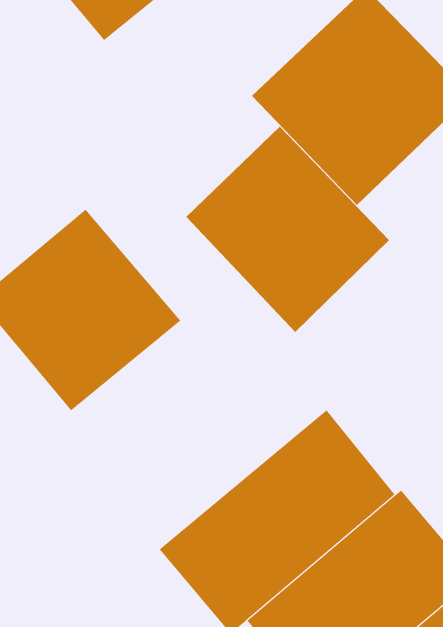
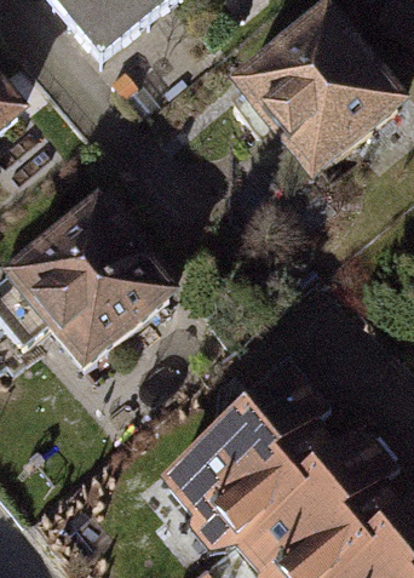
building: [186,126,390,333] -> none

